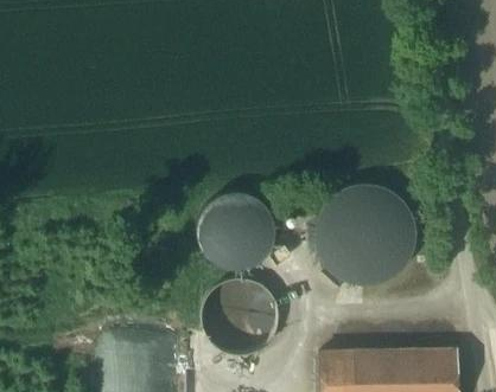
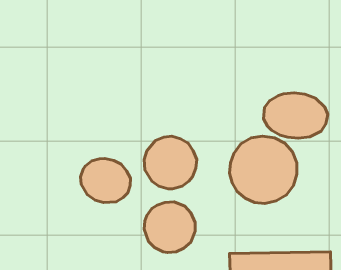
building: none -> [263,93,328,138]
building: none -> [80,159,130,203]

